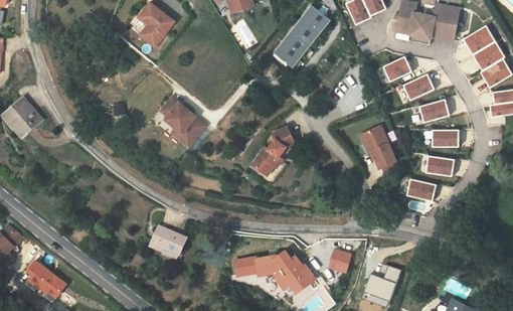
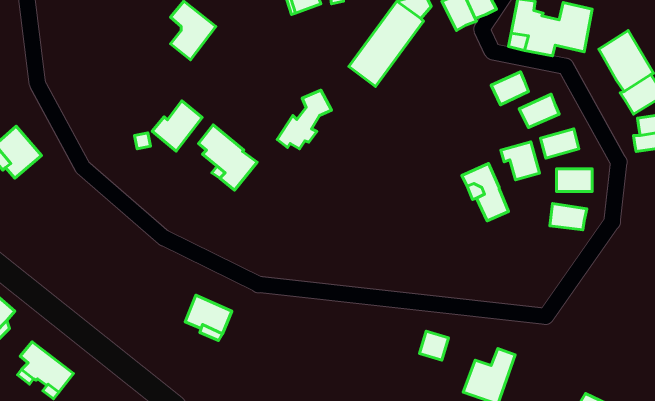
building: none -> [152,101,202,151]
building: none -> [501,142,540,180]
building: [252,128,294,172] -> [277,90,332,149]
building: [406,178,436,201] -> none
building: [234,252,315,298] -> none

